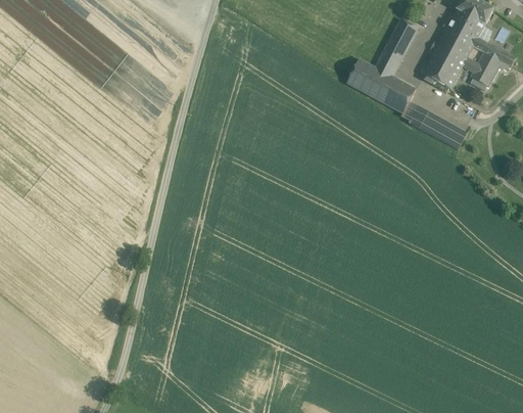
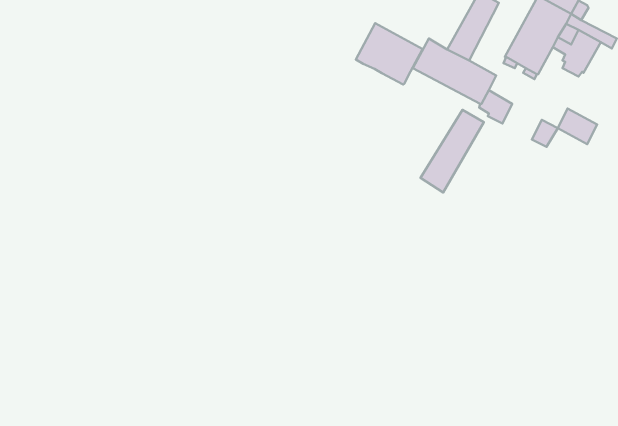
building: none -> [356,23,423,85]
building: [420,112,453,142] -> [558,109,597,144]
building: none -> [420,110,484,193]

